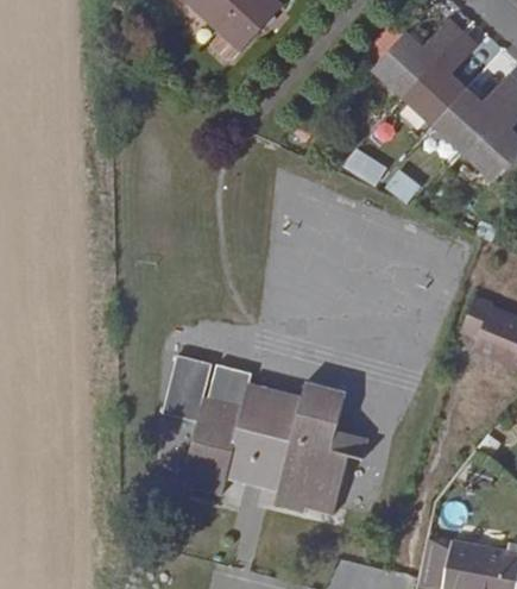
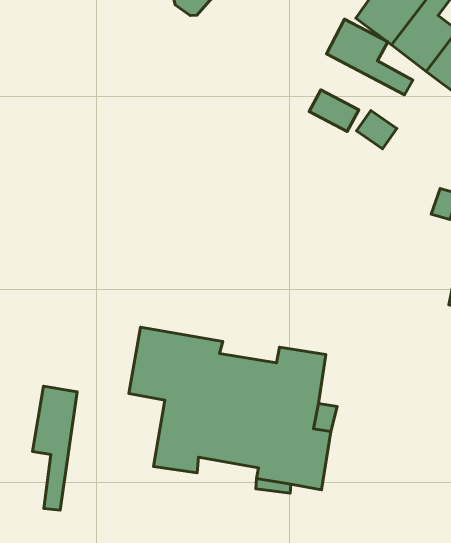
building: none -> [327,19,413,95]
building: none -> [32,386,77,510]

